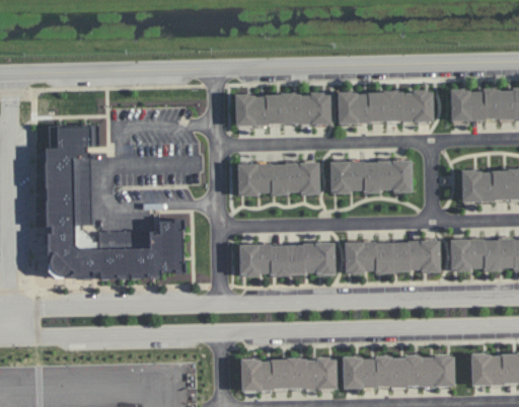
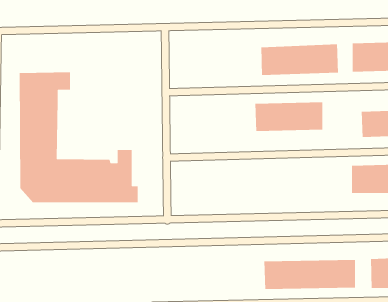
building: [233,91,333,130] -> none
building: [235,160,318,196] -> none
building: [344,238,442,276] -> none
building: [237,242,337,278] -> none
building: [239,355,338,394] -> none

